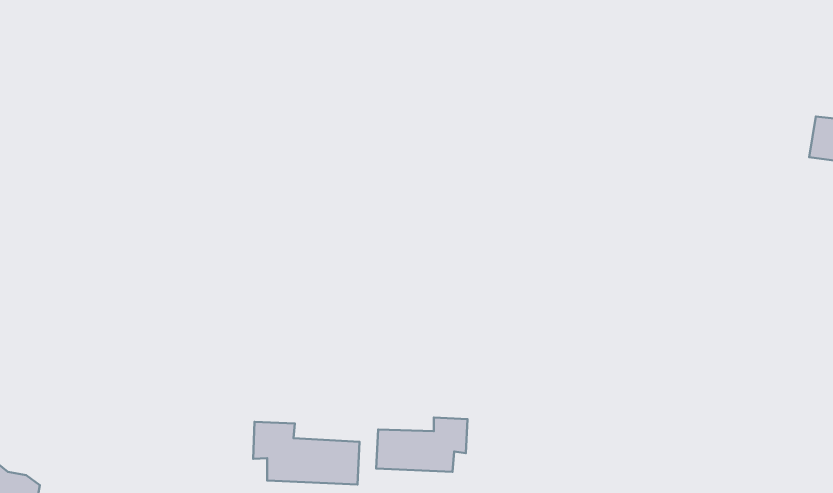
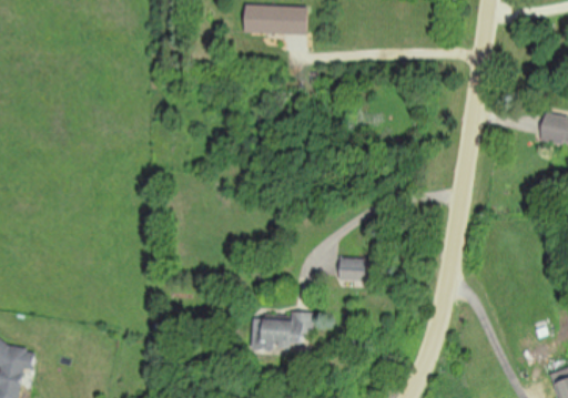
building: none -> [338,258,366,278]
building: [253,422,359,484] -> none

